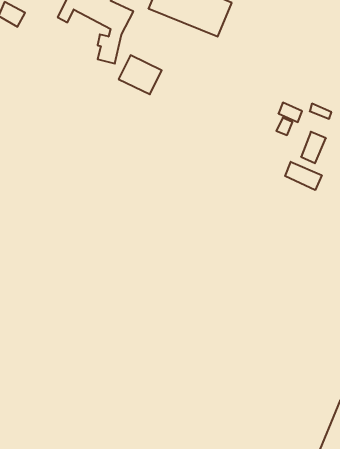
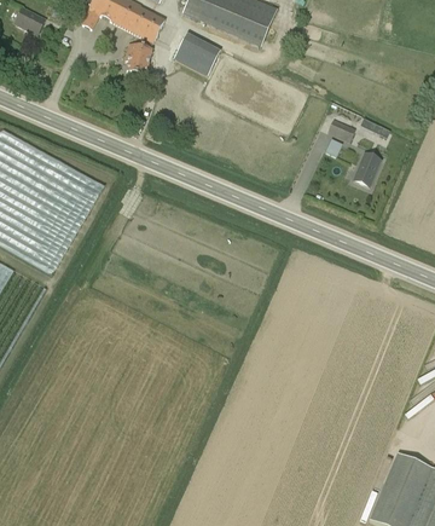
building: [119,55,162,94] -> [174,30,222,74]
building: [285,162,322,190] -> none

